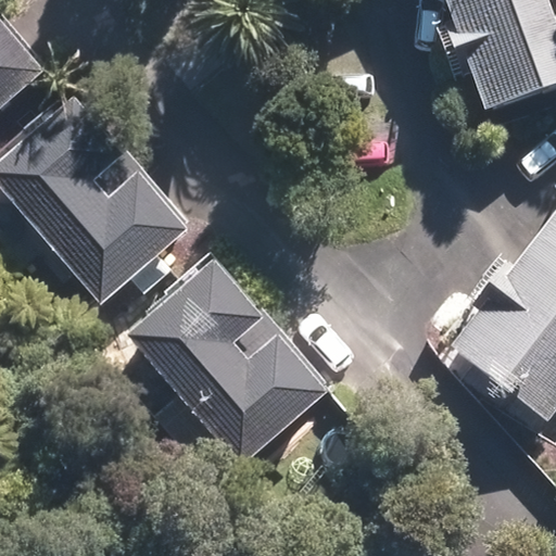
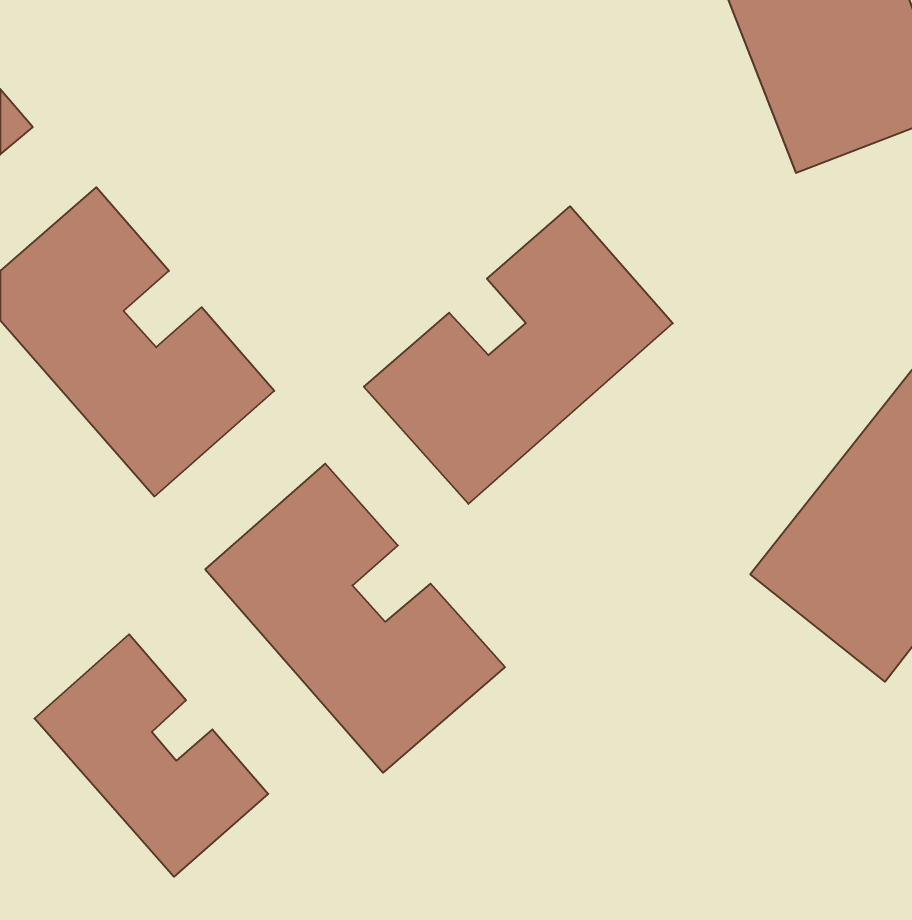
building: none -> [364,206,673,504]
building: none -> [34,634,268,877]

